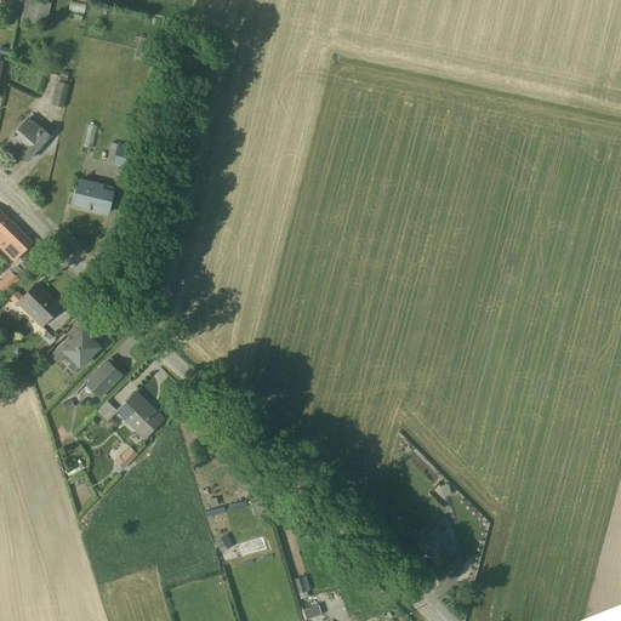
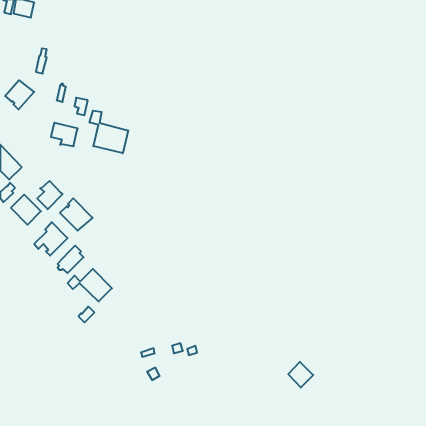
building: none -> [90,111,128,153]
building: none -> [37,181,63,209]
building: none -> [60,198,93,231]

